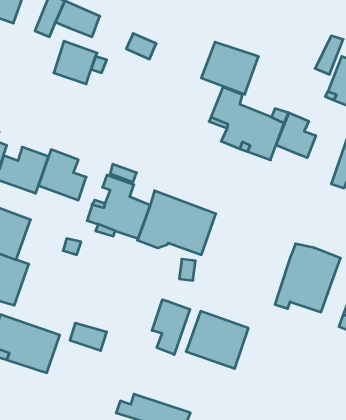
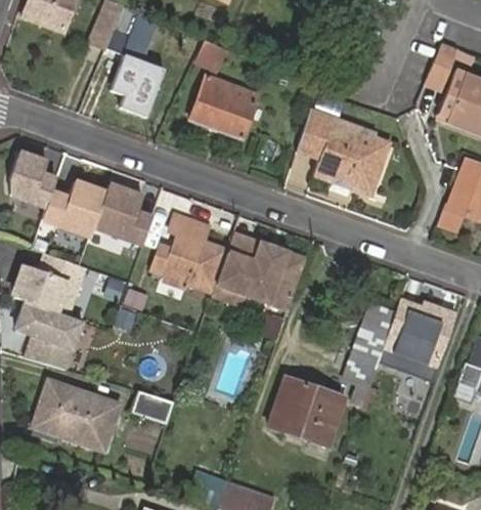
building: [201,42,259,94] -> [189,74,258,136]
building: [276,113,316,158] -> none
building: none -> [345,304,394,386]
building: [152,300,190,355] -> none

